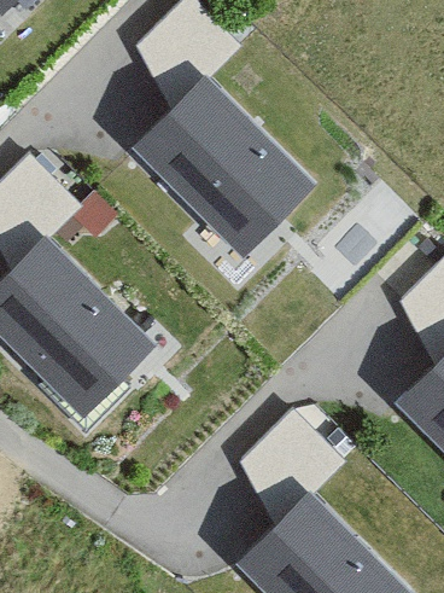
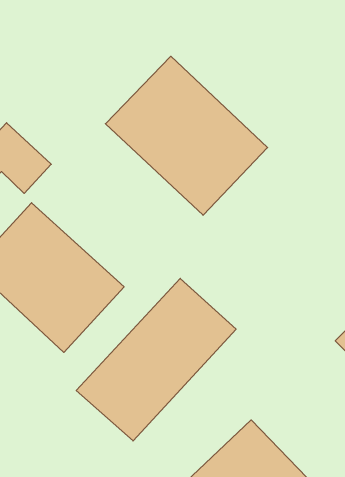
building: none -> [76,278,236,441]

